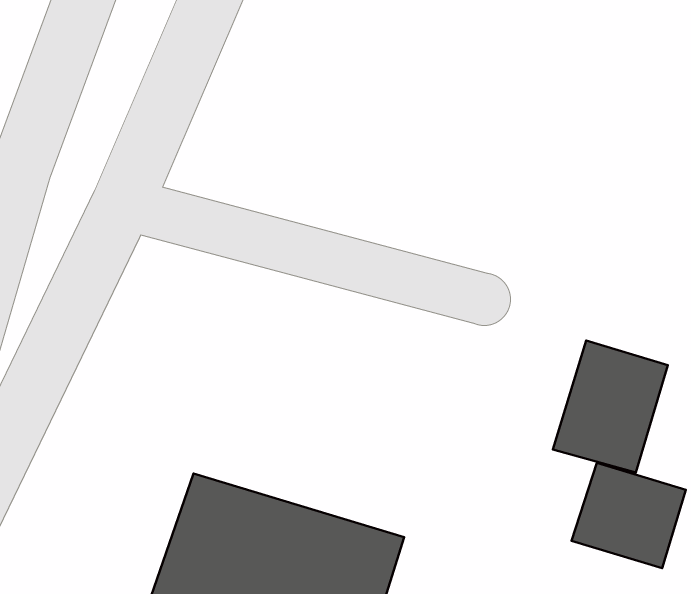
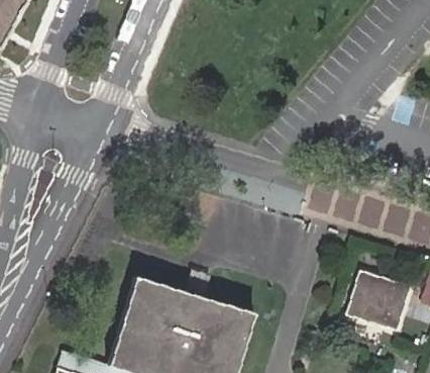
building: [553,341,668,472] -> none

